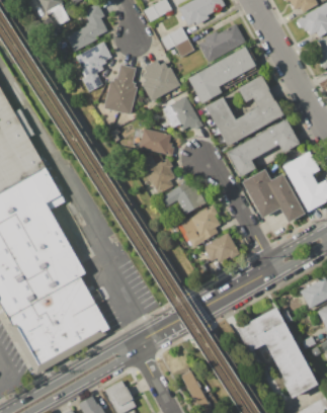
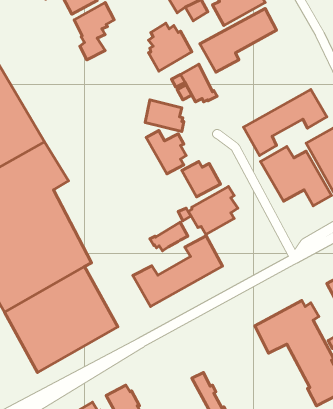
building: [103,64,137,115] -> none
building: [206,75,283,146] -> none
building: [202,233,240,263] -> none
building: none -> [150,222,188,251]
building: none -> [133,236,222,307]

